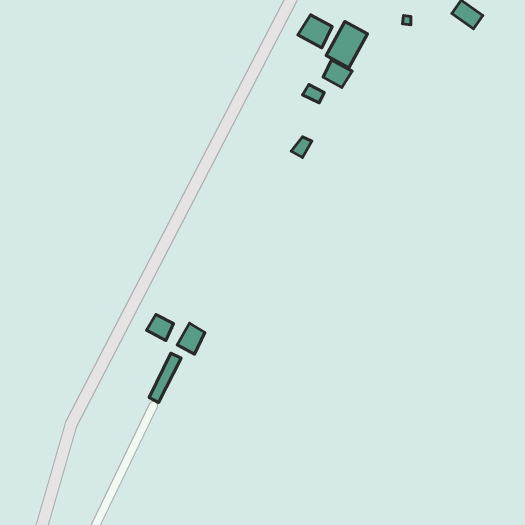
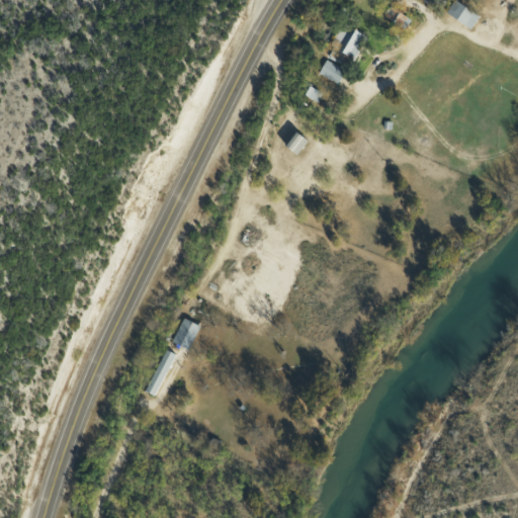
building: [298,15,332,48] -> none
building: [146,314,174,340] -> none

